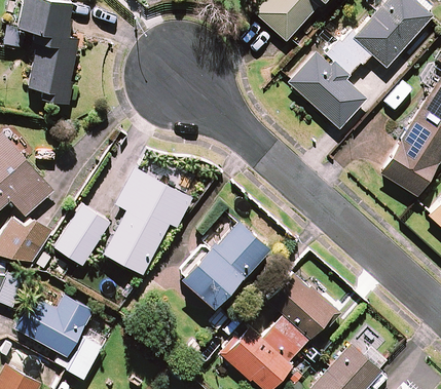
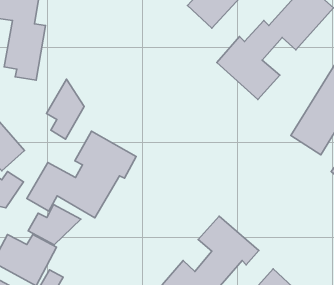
building: none -> [46,79,84,139]
building: [180,221,269,306] -> none
building: none -> [28,205,81,245]

